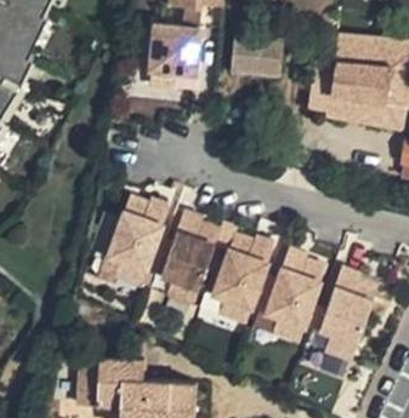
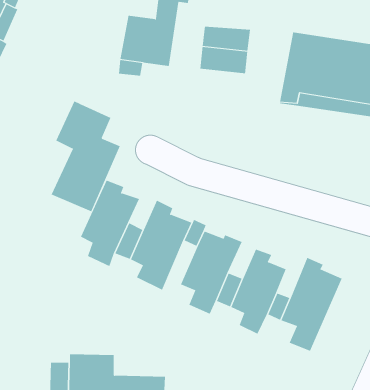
building: none -> [51,100,121,212]

